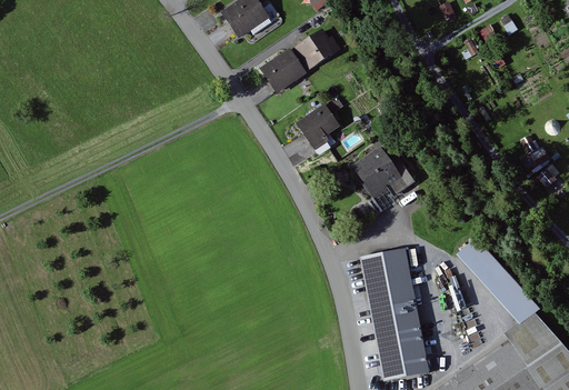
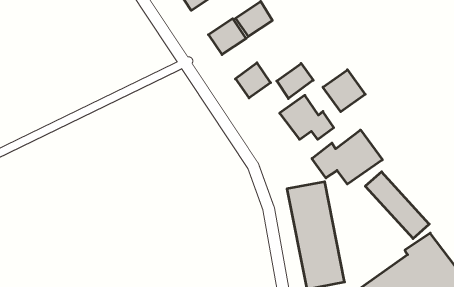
building: none -> [277,63,313,99]
building: none -> [323,70,365,112]
building: none -> [312,130,382,184]

